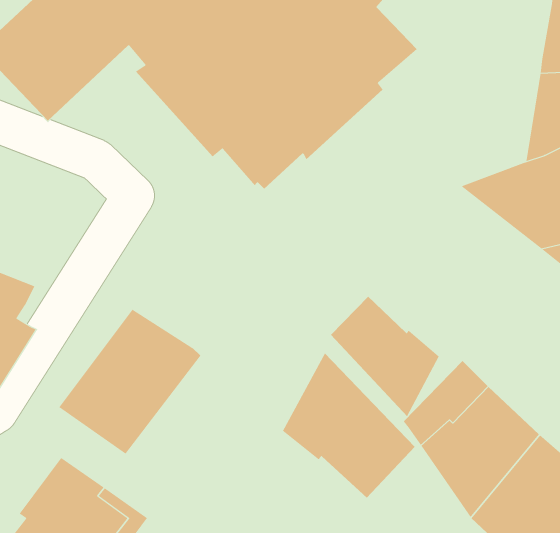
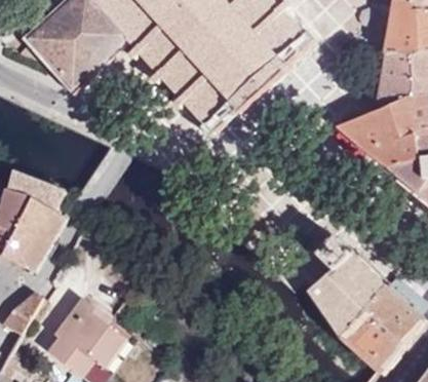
building: [330,296,440,417] -> none
building: [59,309,201,455] -> none
building: [282,353,415,498] -> none

